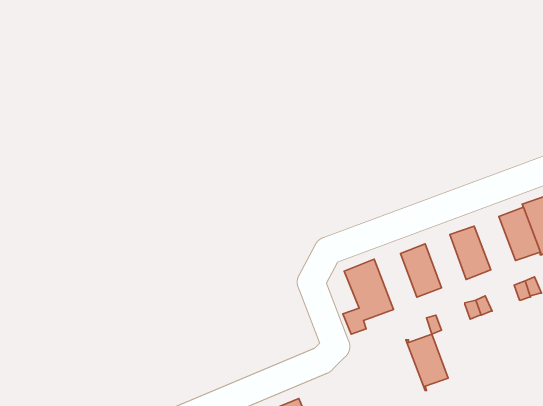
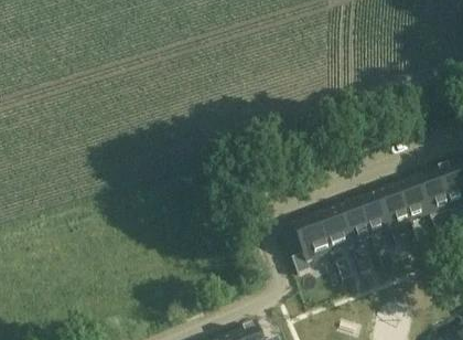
building: none -> [398,178,431,221]
building: none -> [358,192,391,235]
building: [406,334,448,390] -> [317,208,352,253]

